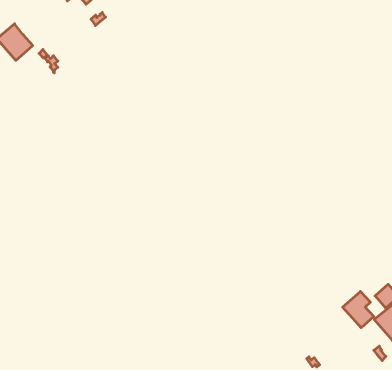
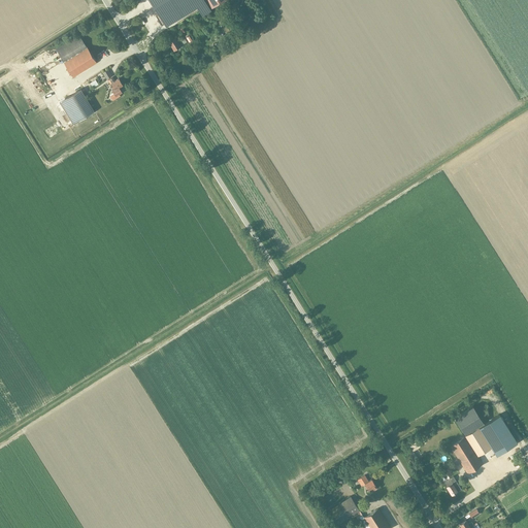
building: none -> [60,90,94,125]
building: [343,291,374,328] -> none

